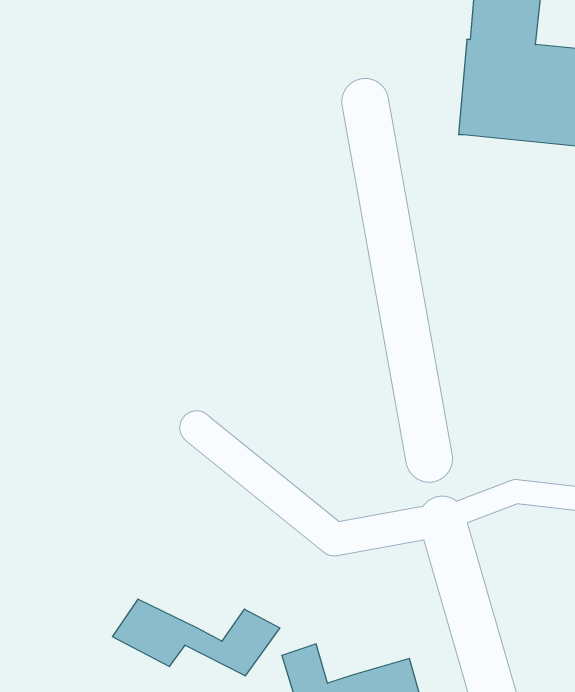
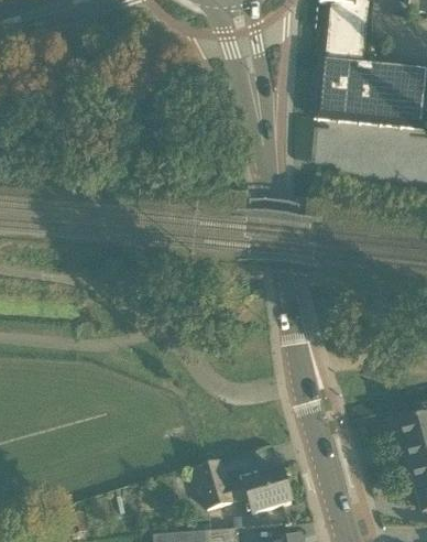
building: [112,599,280,676] -> none

